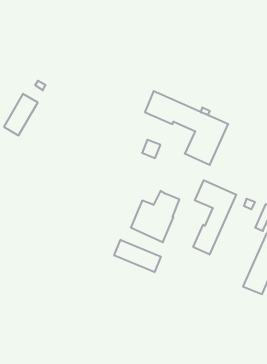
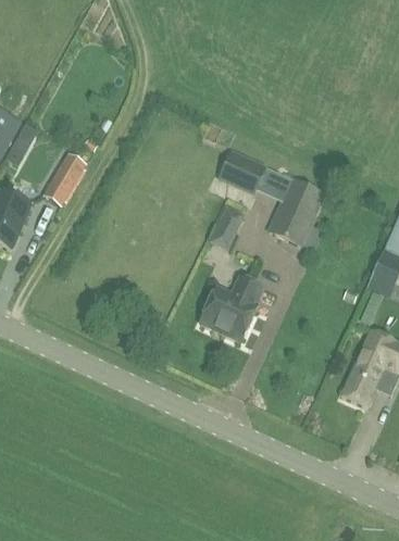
building: [193,180,236,255] -> none
building: [114,240,161,272] -> none

